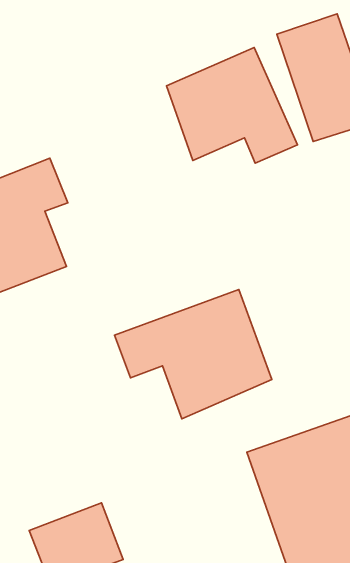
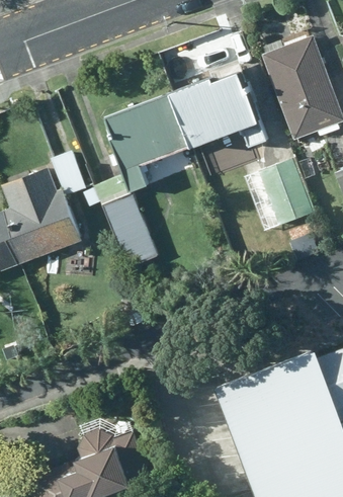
building: none -> [99,90,193,260]
building: none -> [238,153,311,234]
building: [114,290,272,419] -> none

